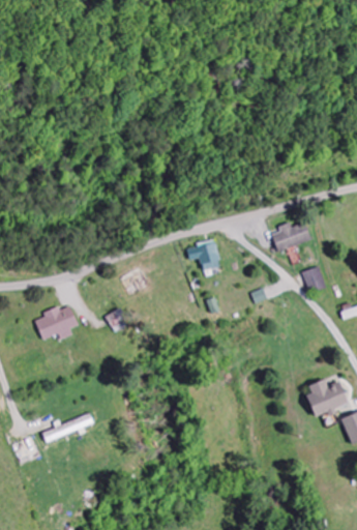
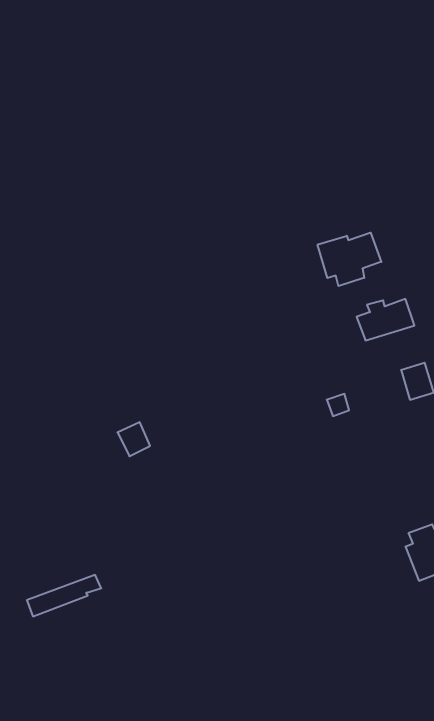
building: none -> [318,233,381,286]
building: [188,239,221,270] -> none
building: [35,306,78,340] -> none

